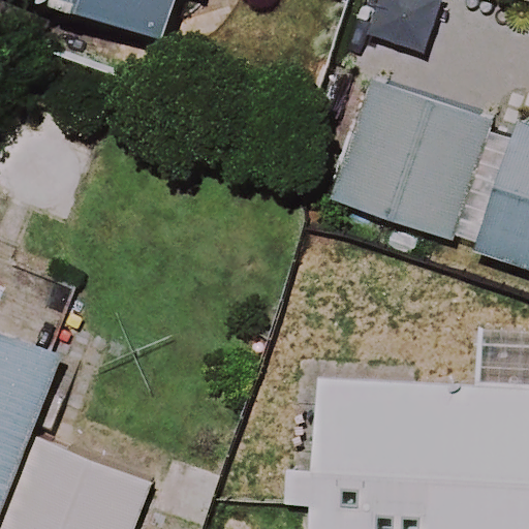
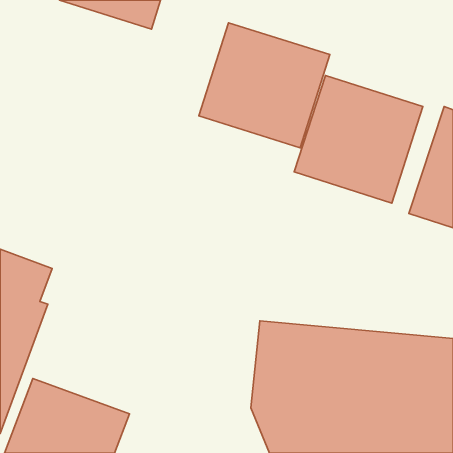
building: none -> [199,23,330,148]

